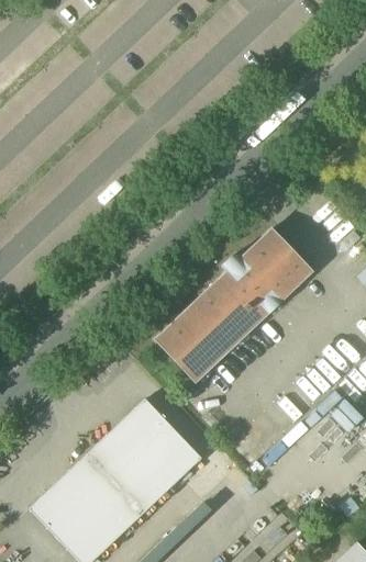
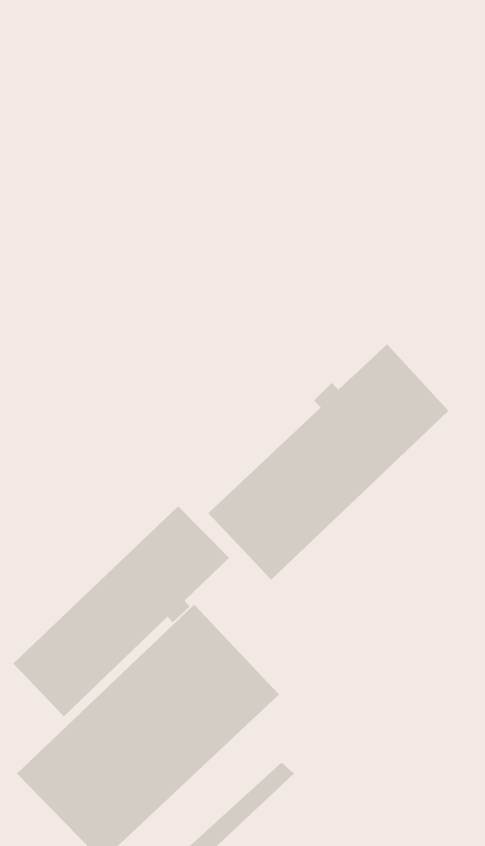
building: none -> [13,506,230,717]

